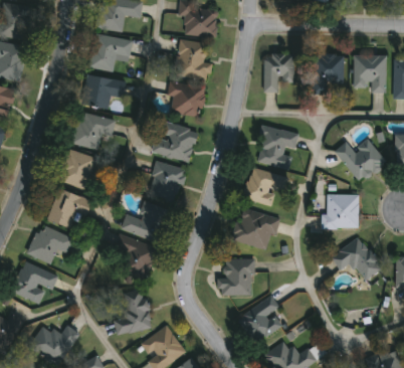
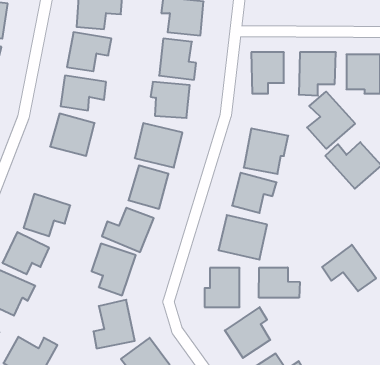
building: none -> [307,92,355,149]
building: [59,149,95,189] -> none
building: [326,194,359,228] -> none
building: none -> [259,267,300,298]

